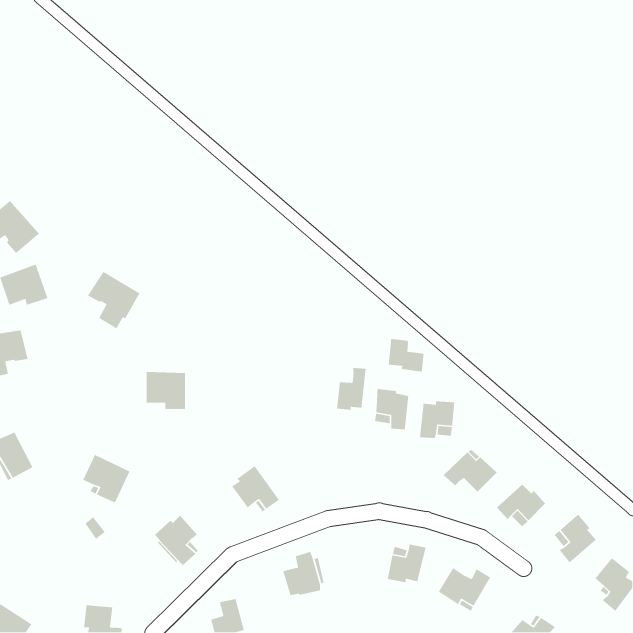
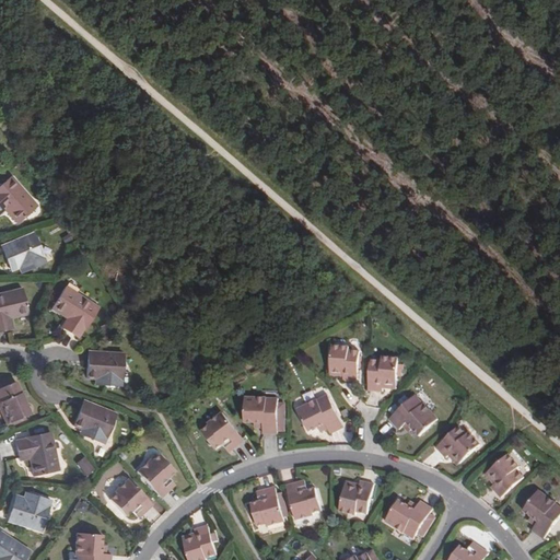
building: [87,271,140,329] -> [48,287,95,338]
building: [388,338,425,372] -> none
building: [336,367,366,411] -> none
building: [146,371,186,410] -> [86,352,121,386]
building: none -> [245,395,283,431]
building: none -> [300,399,342,434]
building: none -> [14,431,57,475]
building: none -> [107,478,151,517]
building: none -> [285,479,322,517]
building: none -> [7,493,49,529]

